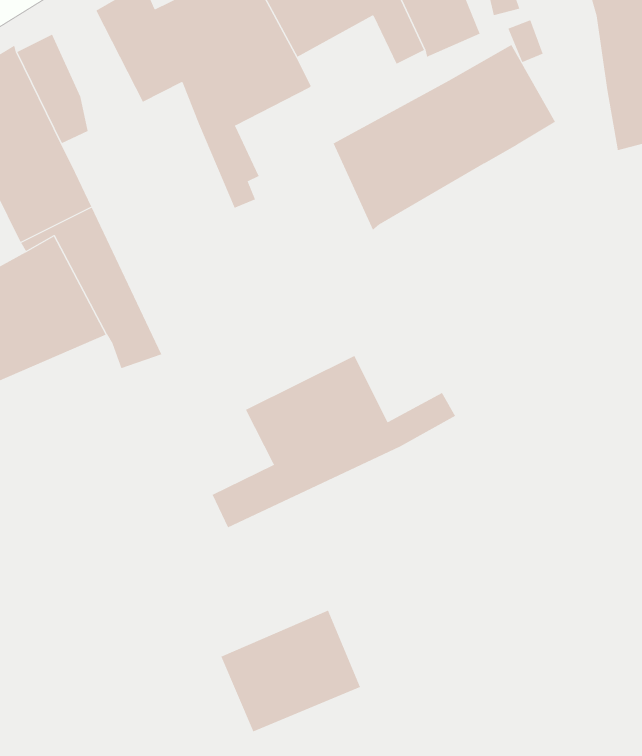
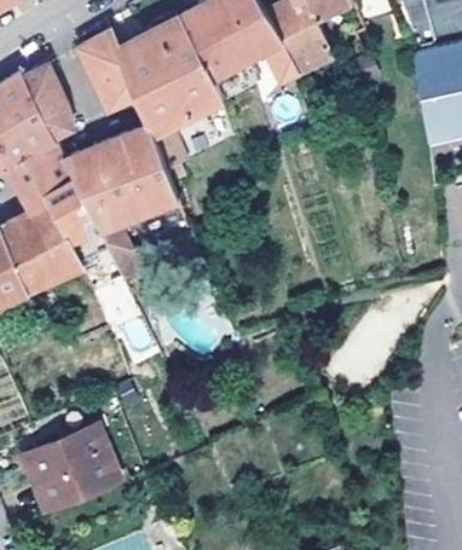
building: [333,44,556,231] -> none
building: none -> [65,123,179,278]
building: [212,355,456,528] -> none
building: [221,610,361,732] -> [25,424,120,506]

